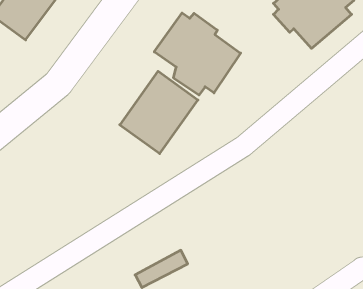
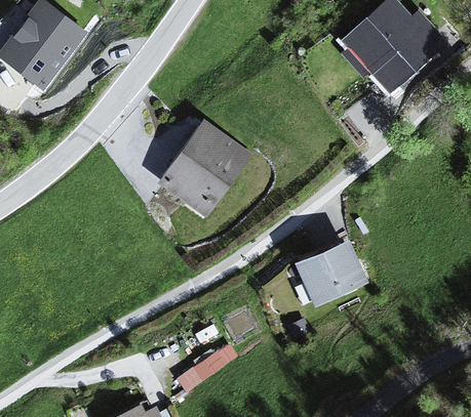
building: [154,13,241,95] -> none
building: none -> [296,242,366,307]

